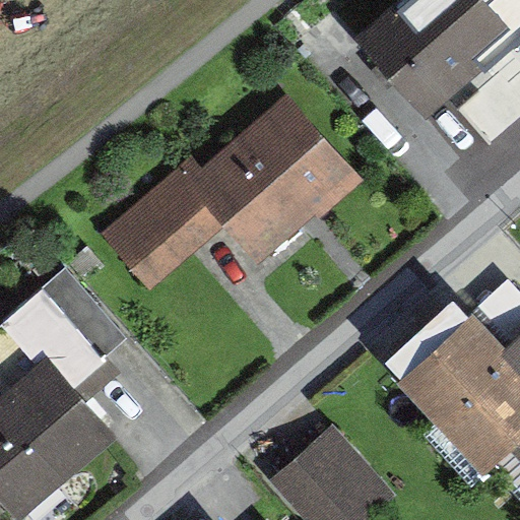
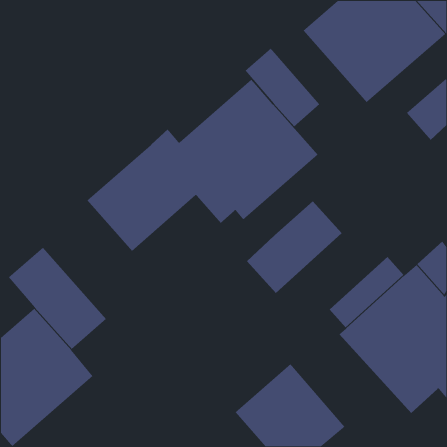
building: none -> [245,47,320,127]
building: none -> [246,200,343,294]

